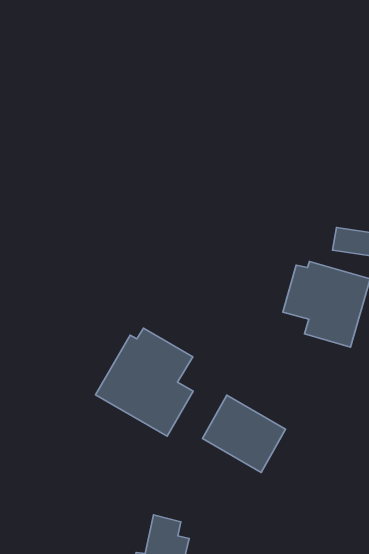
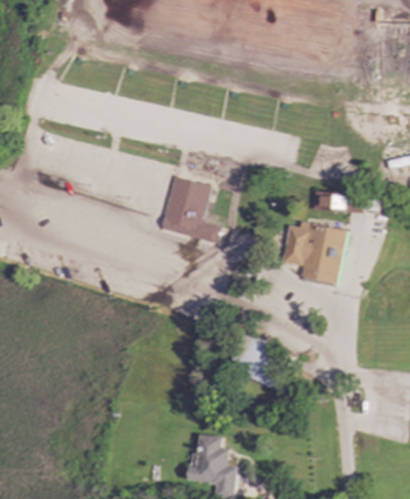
building: none -> [159,176,217,243]
building: [96,328,193,436] -> none

